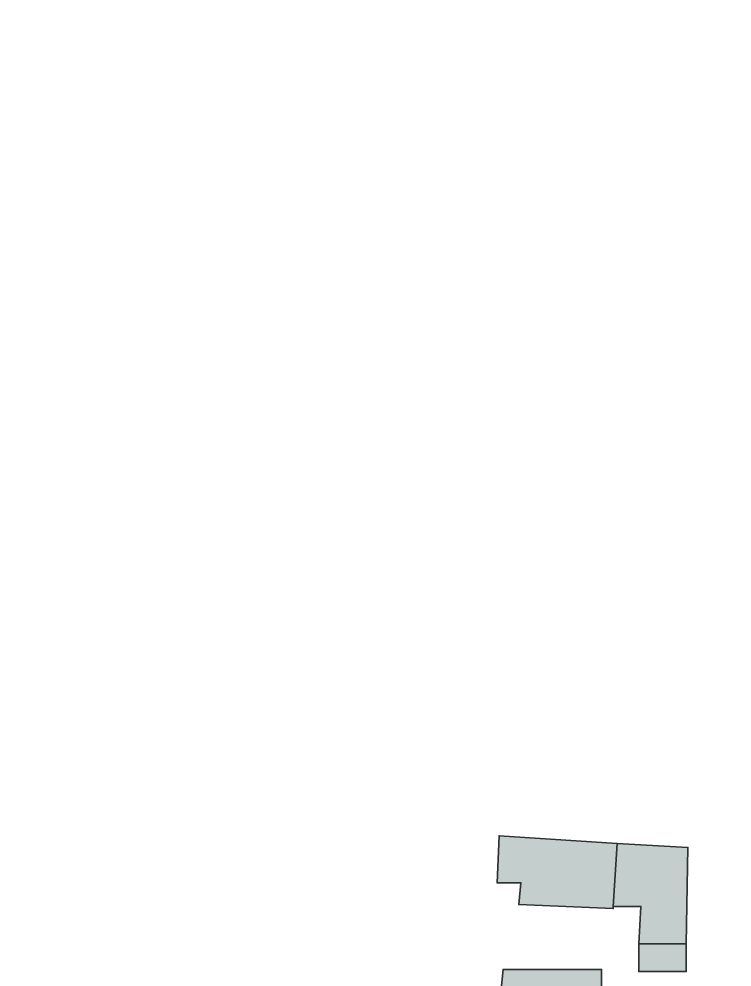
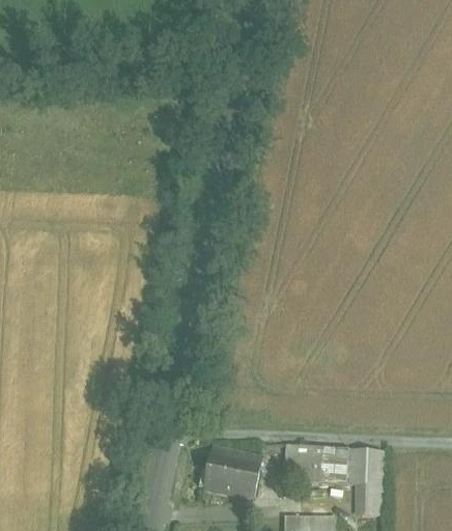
building: none -> [194,449,258,497]

